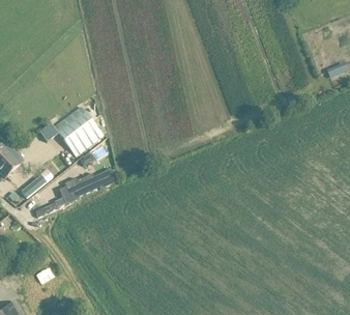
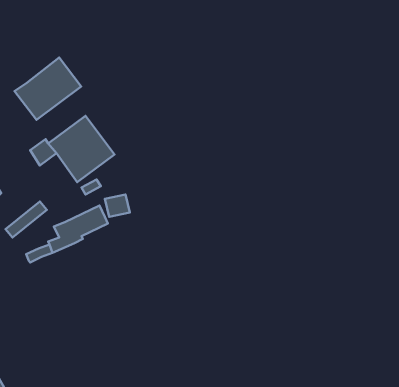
building: none -> [15,58,81,120]

